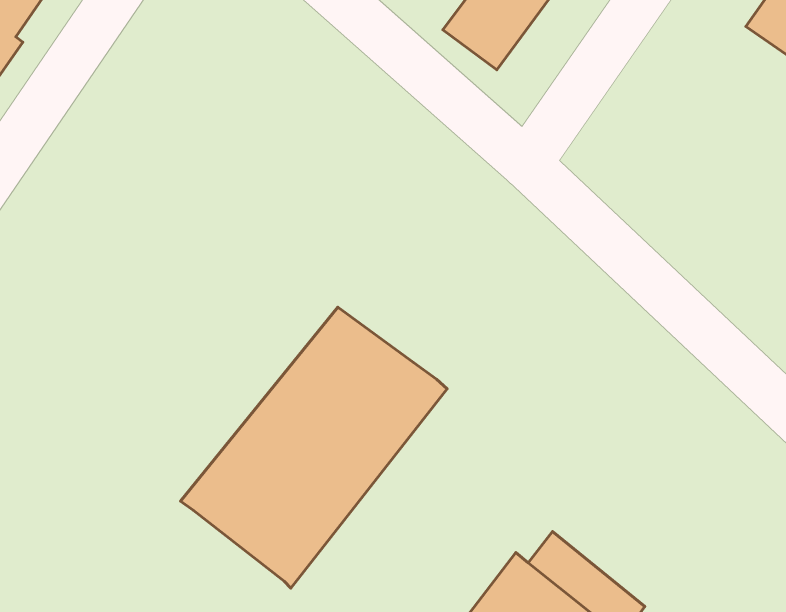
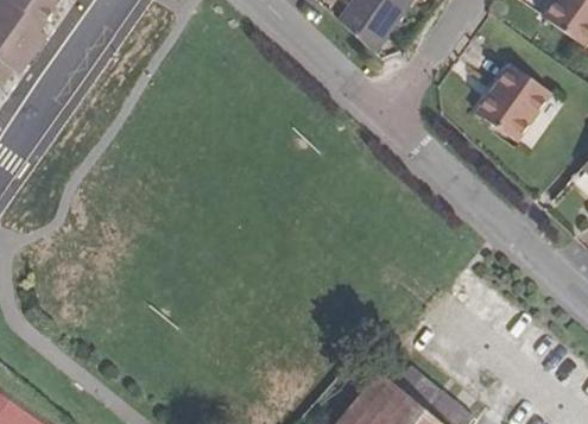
building: none -> [478,65,552,141]
building: [181,307,447,588] -> none

